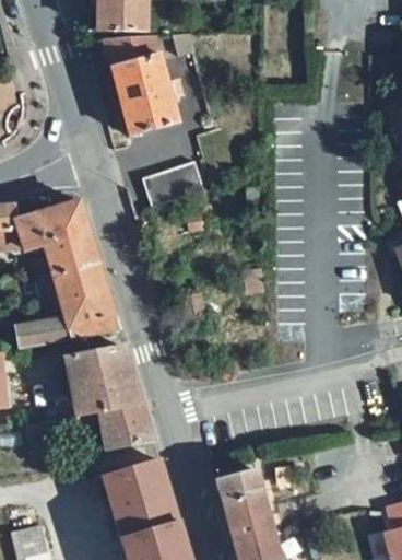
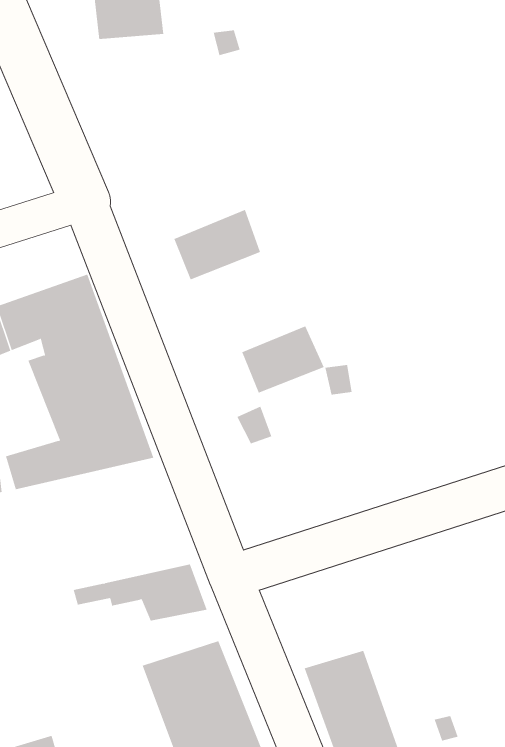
building: [108,40,185,137] -> none
building: none -> [242,326,324,393]
building: [68,351,141,418] -> none

